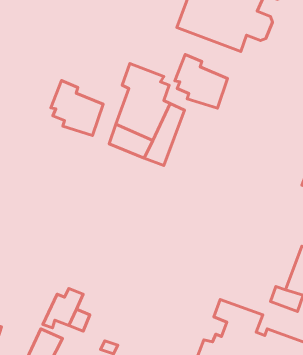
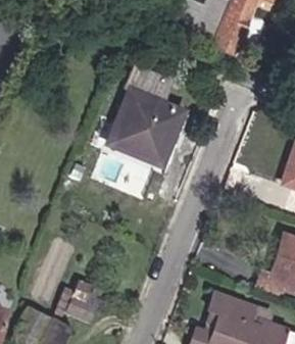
building: [175,54,228,108] -> none
building: [51,80,103,135] -> none

